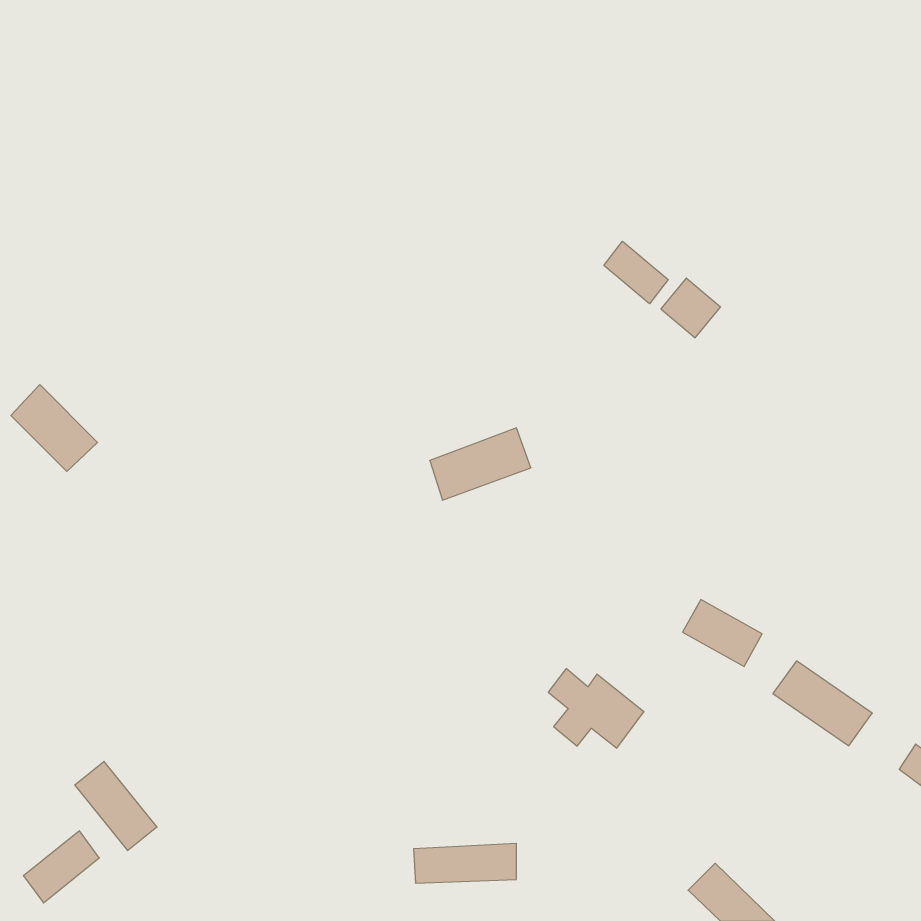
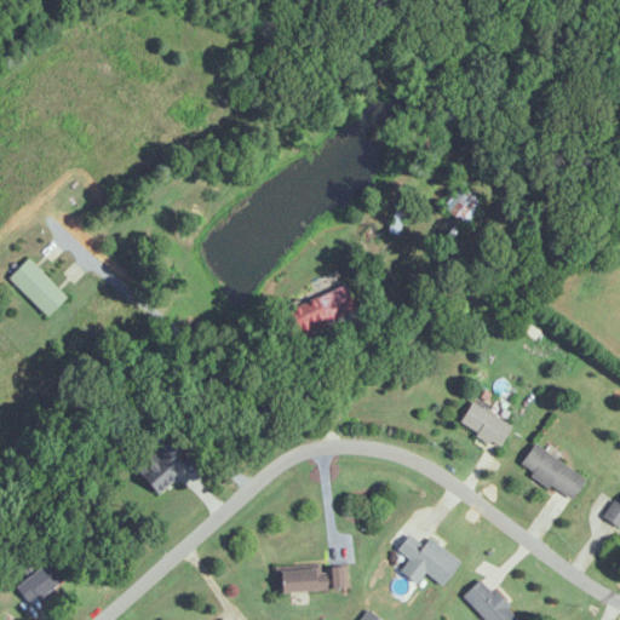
building: [604,241,668,304] -> none
building: none -> [136,437,191,490]
building: [548,669,644,748] -> [397,533,461,586]
building: [75,761,157,851] -> none

